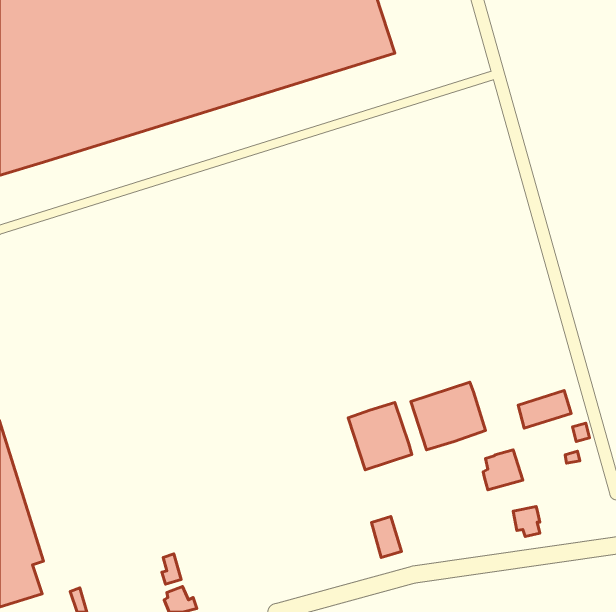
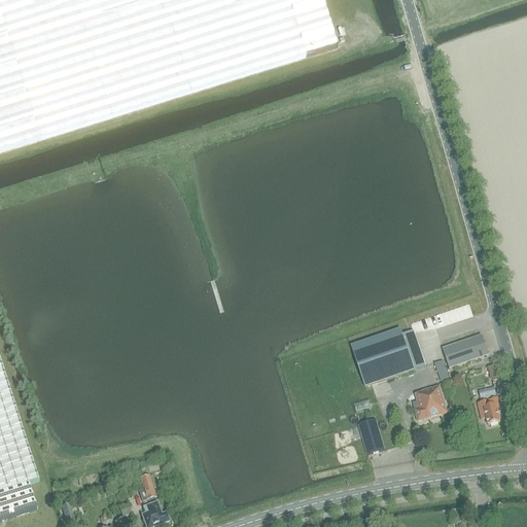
building: [348,403,412,470] -> none
building: [513,506,540,537] -> [477,395,499,421]
building: [371,516,402,558] -> [357,416,383,451]

